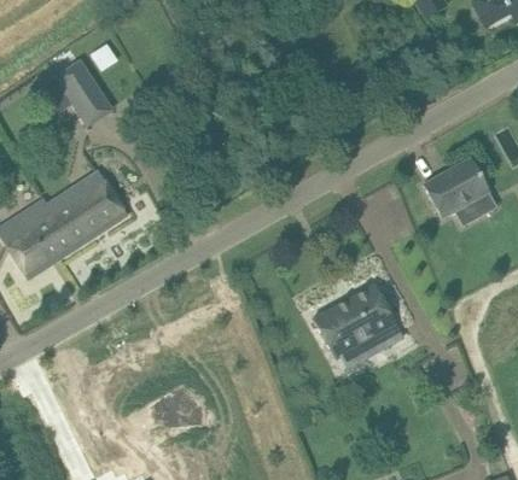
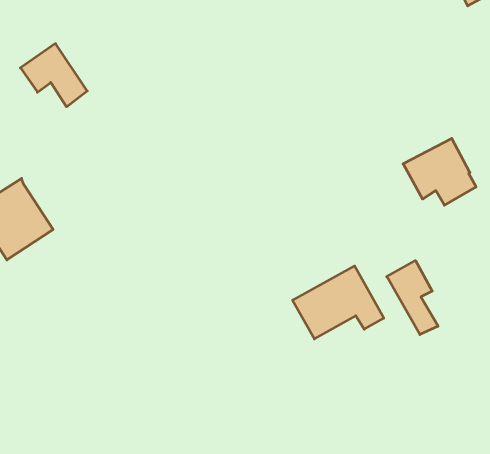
building: [46,170,128,248] -> none
building: none -> [387,261,438,335]

